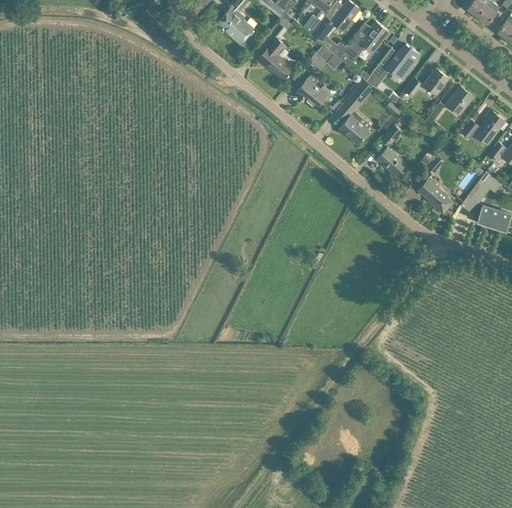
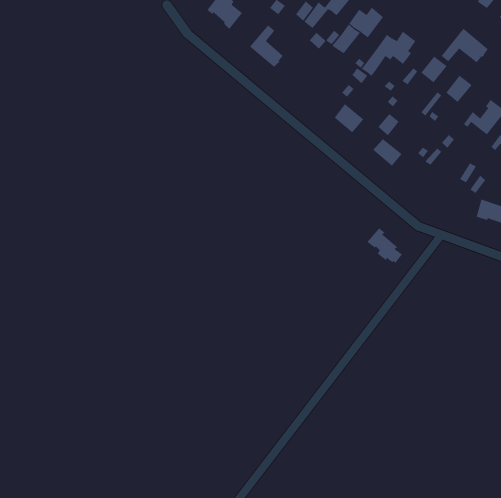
building: none -> [441,28,489,63]
building: [296,75,329,106] -> none
building: [417,176,452,211] -> [366,227,403,264]

